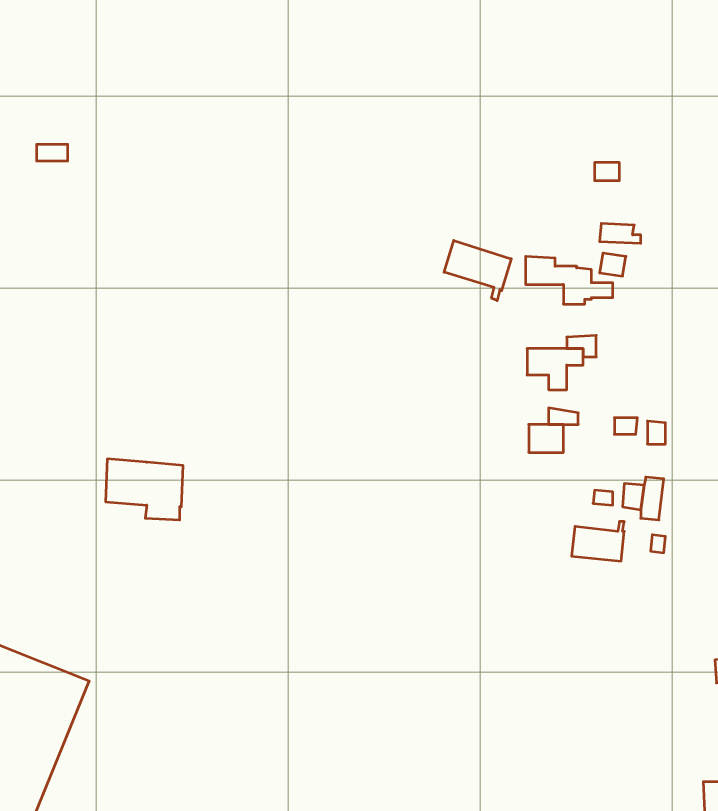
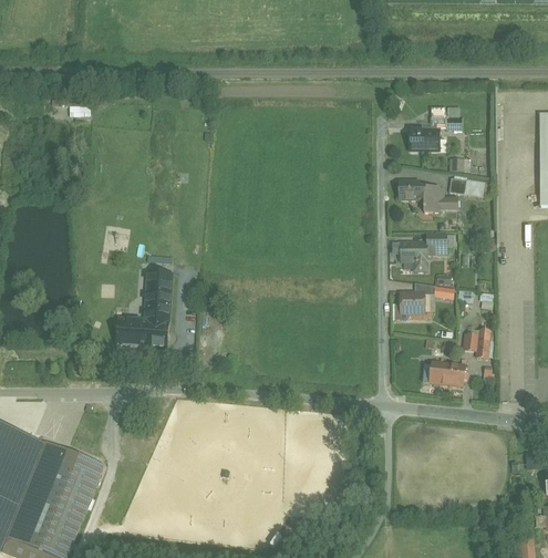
building: none -> [409,130,437,151]
building: [444,240,511,301] -> none
building: none -> [143,271,170,321]

